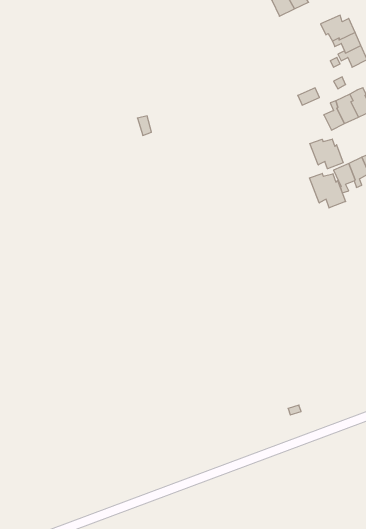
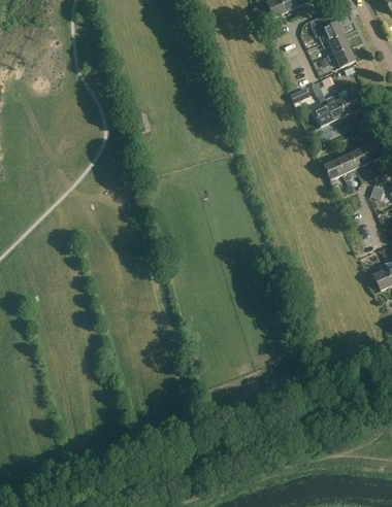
building: [310,139,343,169] -> none
building: [309,173,346,208] -> none

